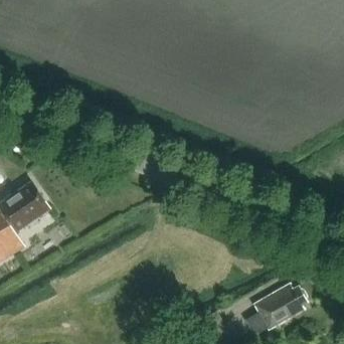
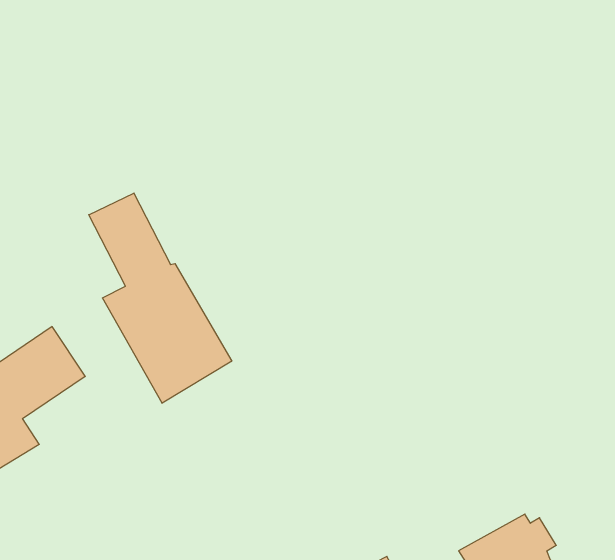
building: none -> [89,193,232,403]

